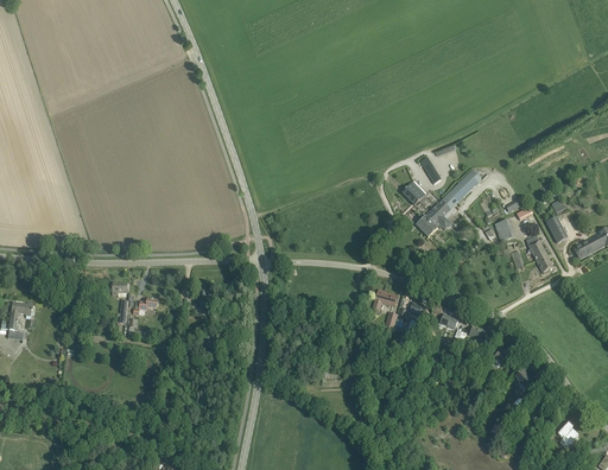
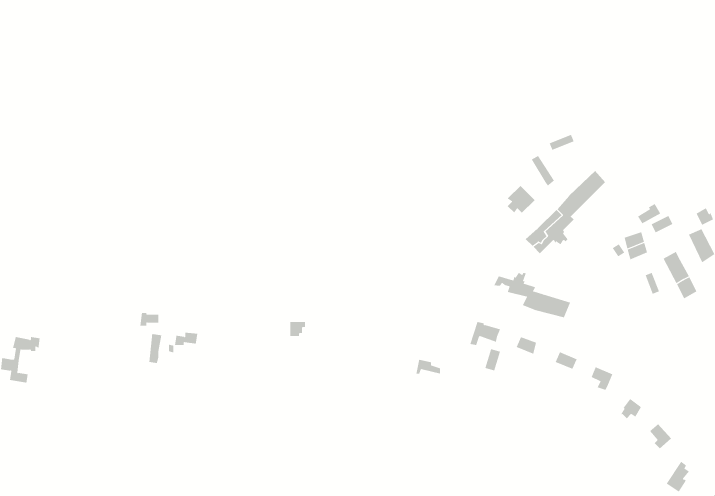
building: none -> [494,272,571,318]

